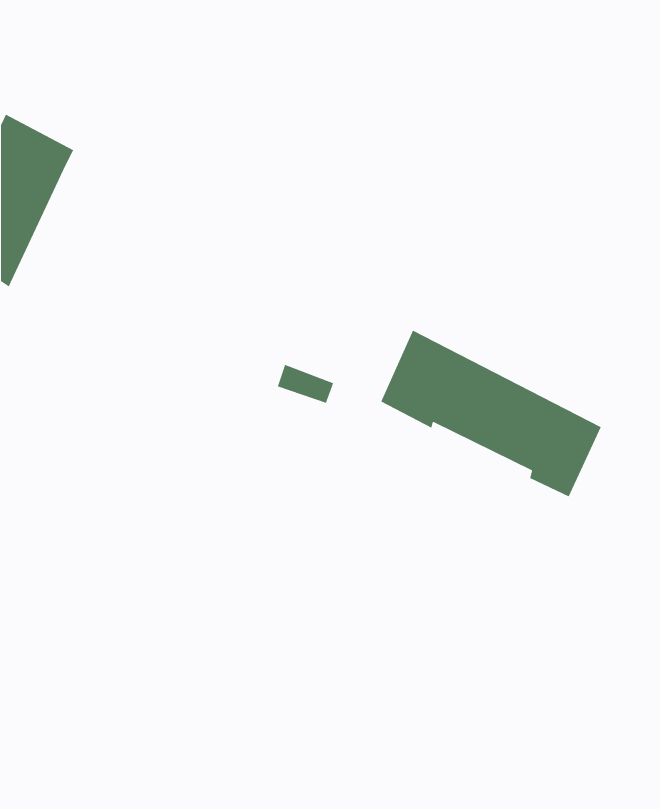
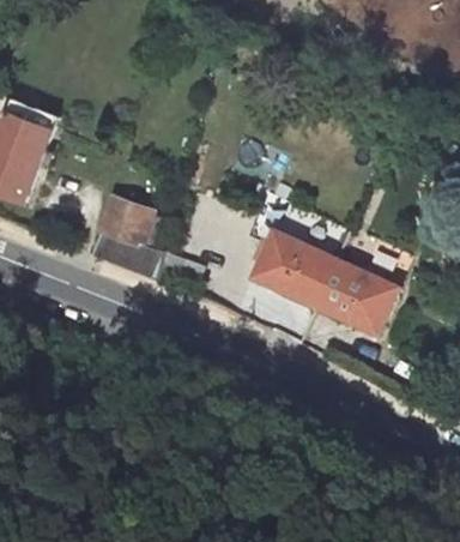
building: none -> [86,187,162,279]

